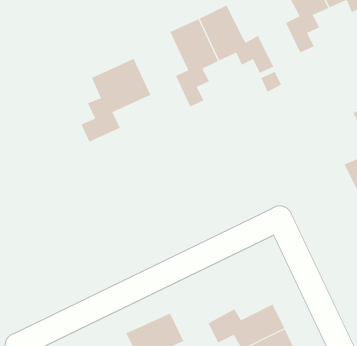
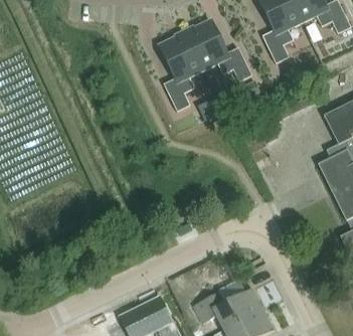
building: [81,58,151,143] -> none

